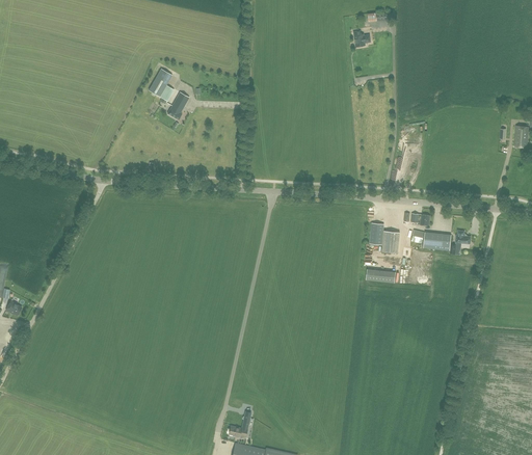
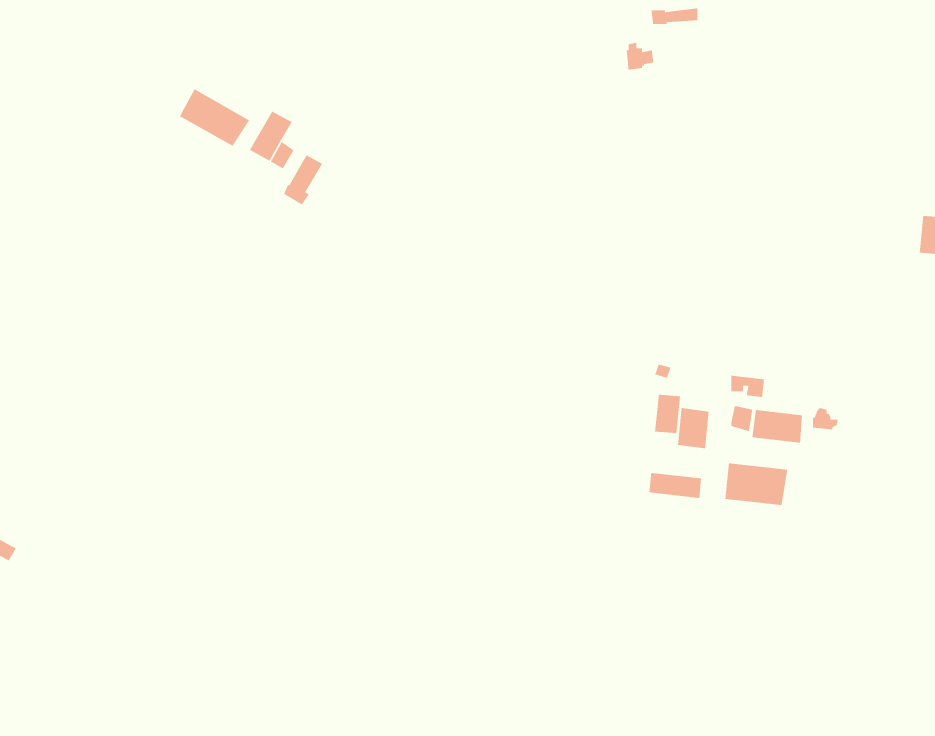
building: none -> [179,88,250,147]
building: none -> [725,462,788,506]

